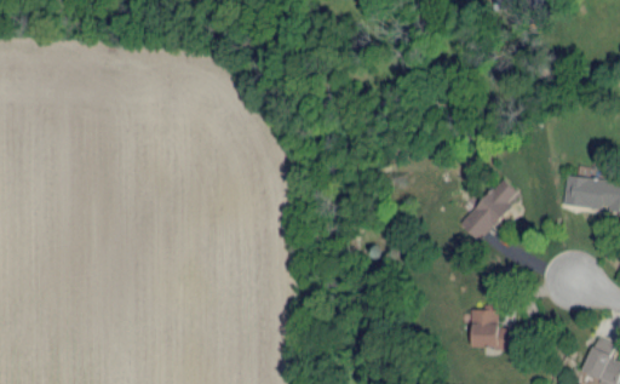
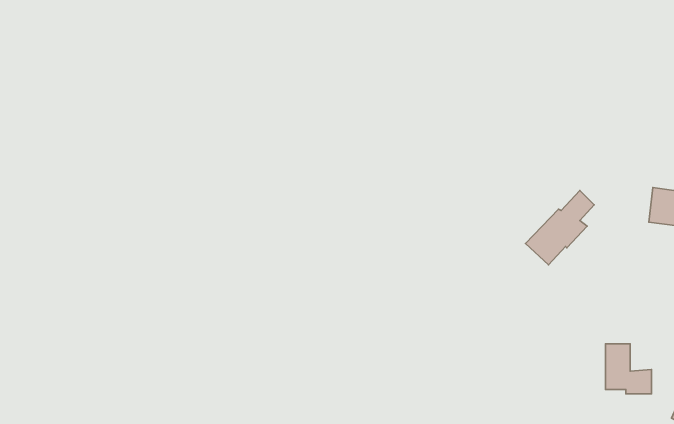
building: [475,305,513,348] -> [606,344,652,394]

